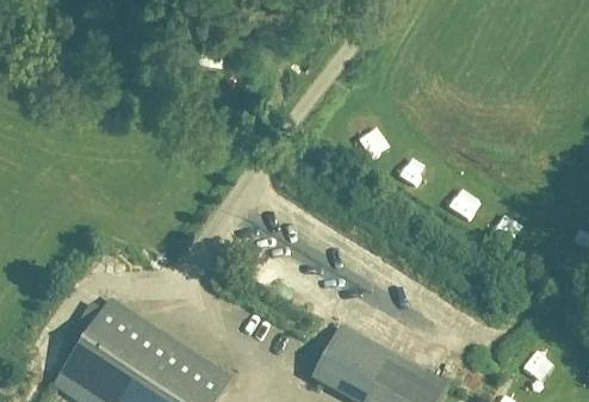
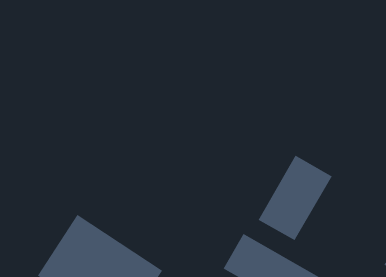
building: none -> [258,155,333,241]

